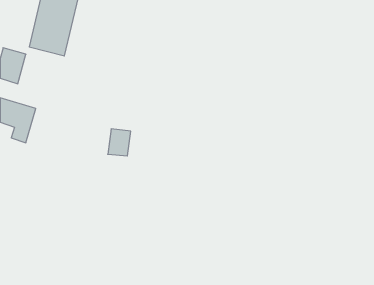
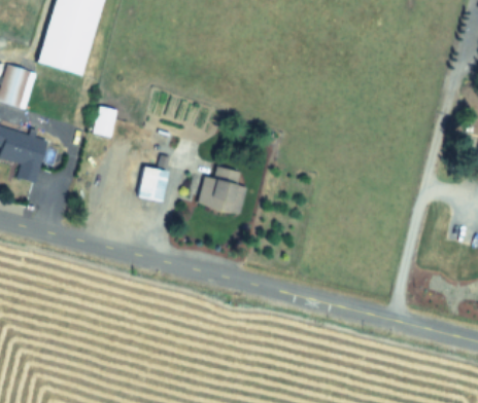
building: none -> [92,106,116,138]
building: none -> [197,166,246,216]

